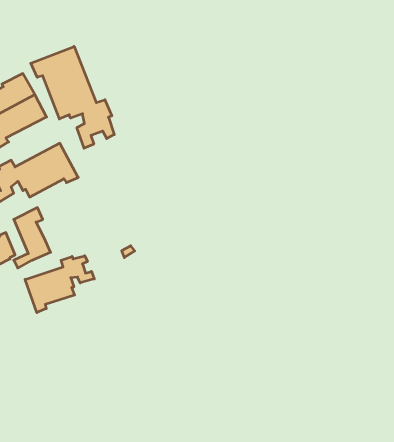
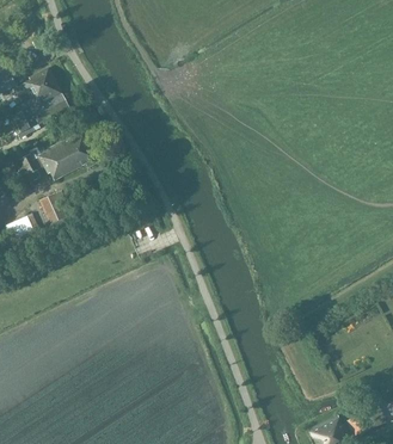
building: [31,46,114,148] -> none
building: [25,256,94,313] -> none

